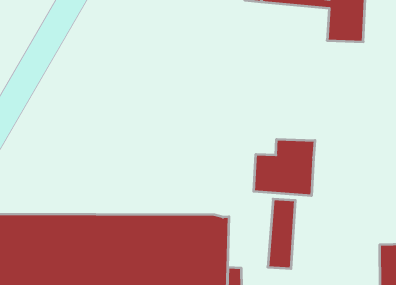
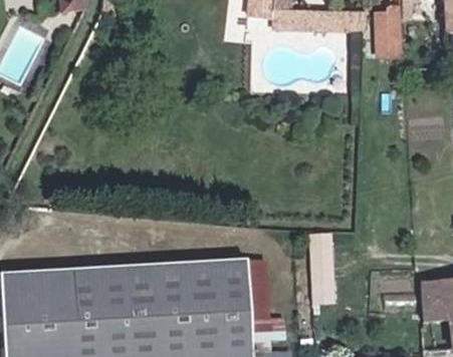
building: [254,139,315,196] -> none

